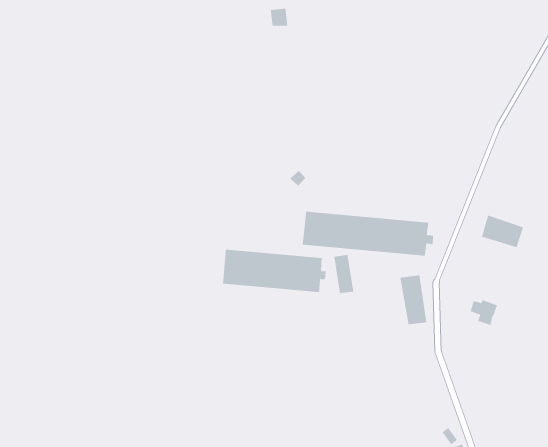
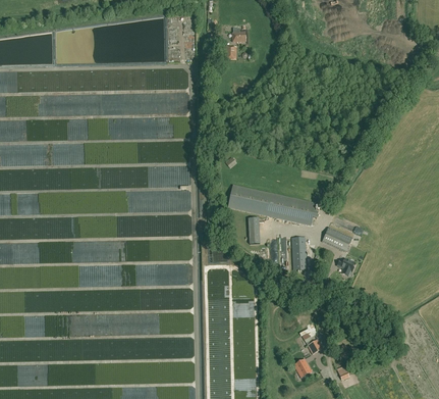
building: [481,215,524,248] -> [322,227,351,251]
building: [223,249,326,293] -> none

